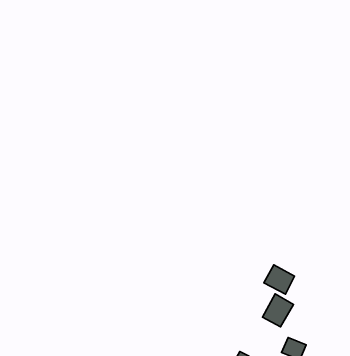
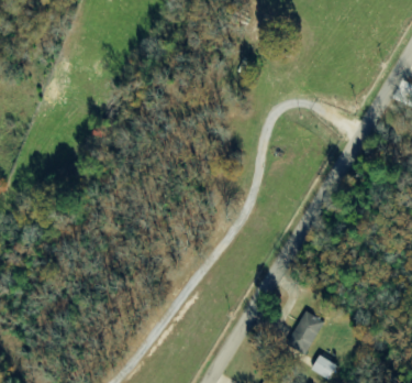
building: [264,265,294,294] -> none

